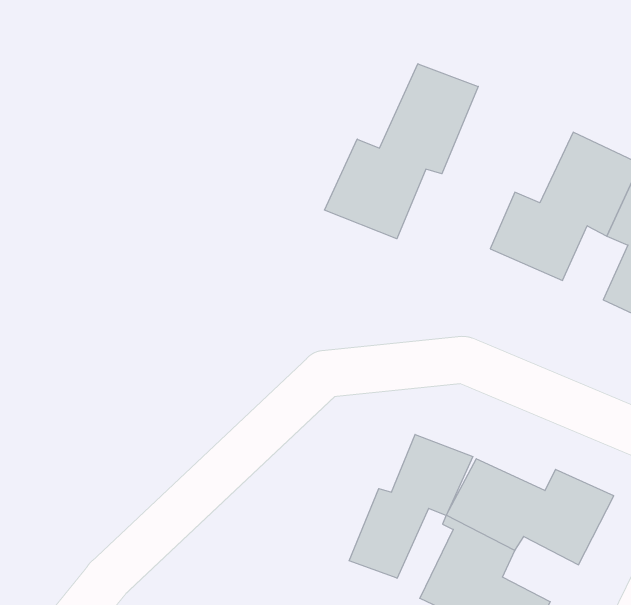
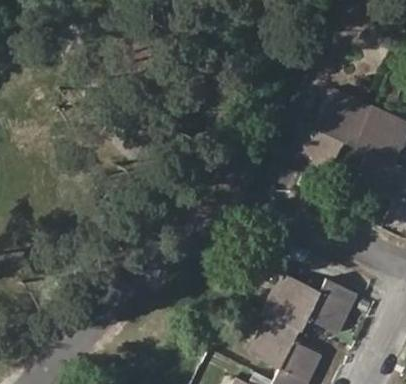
building: [324,64,478,239] -> none
building: [349,434,473,578] -> none

